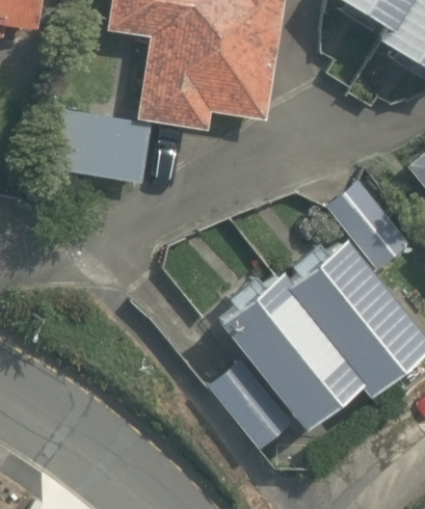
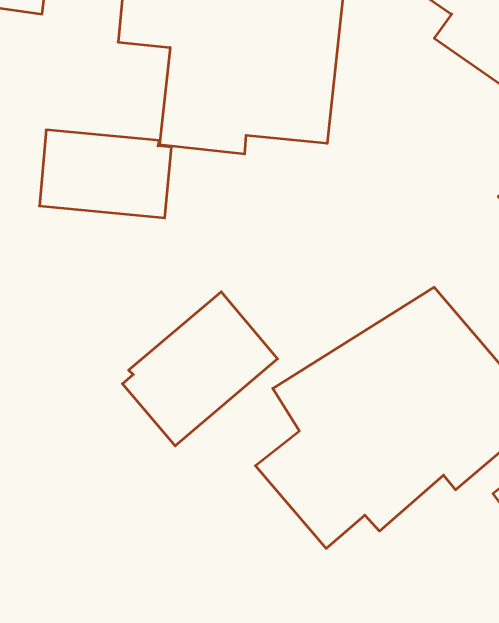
building: none -> [122,292,278,446]

